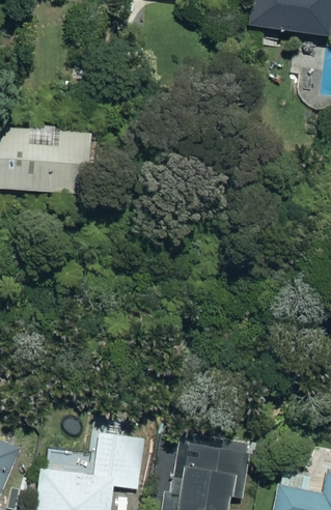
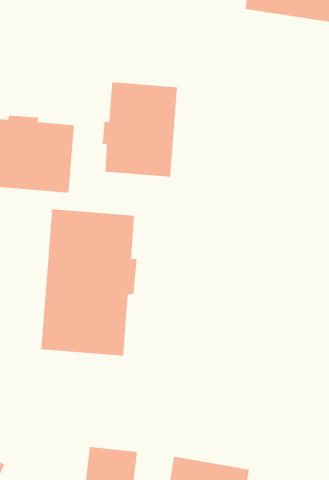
building: none -> [102,82,178,178]
building: none -> [41,208,137,357]

